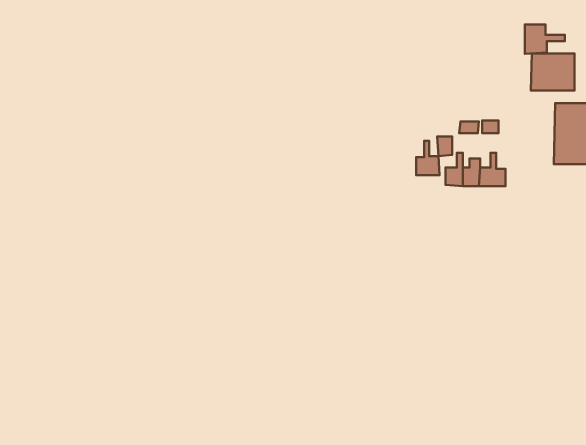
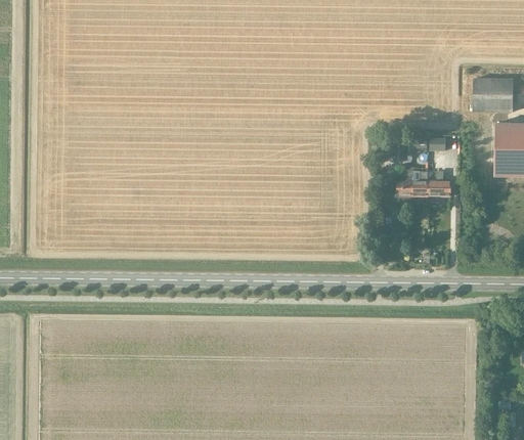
building: [525,25,565,54] -> none
building: [416,141,440,175] -> none

